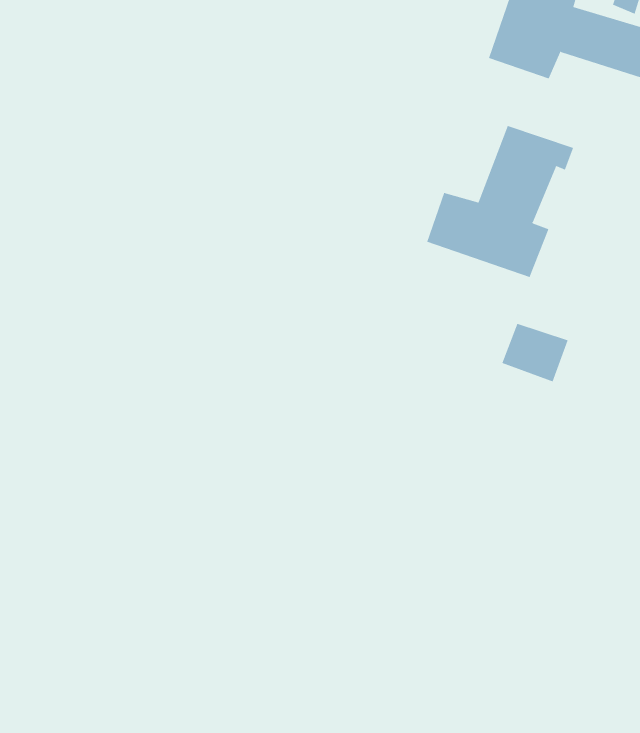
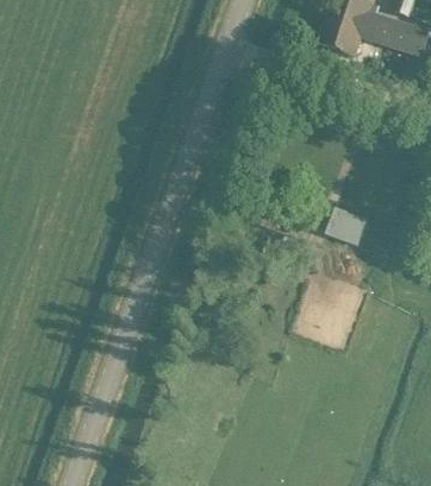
building: [427,125,574,278] -> none

